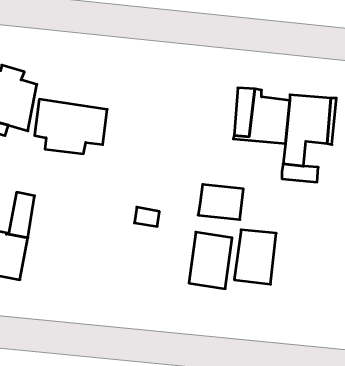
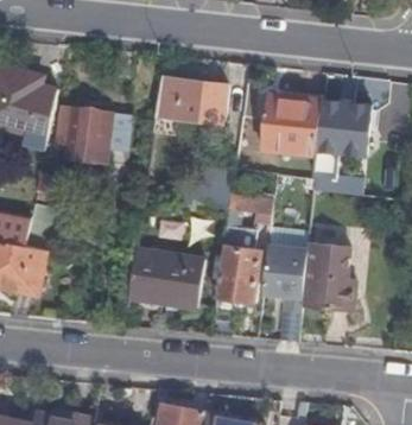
building: none -> [153,74,226,121]
building: none -> [300,240,349,310]
building: none -> [127,247,202,306]

